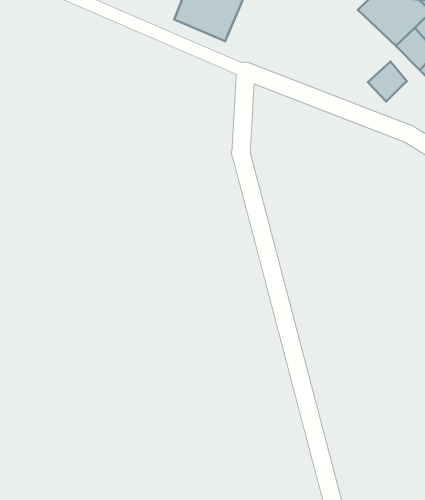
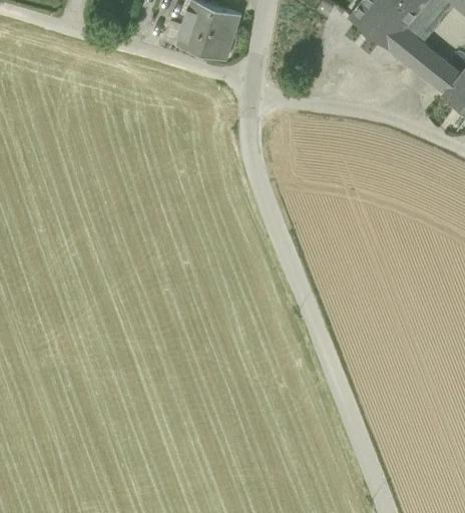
building: [368,62,407,102] -> none

